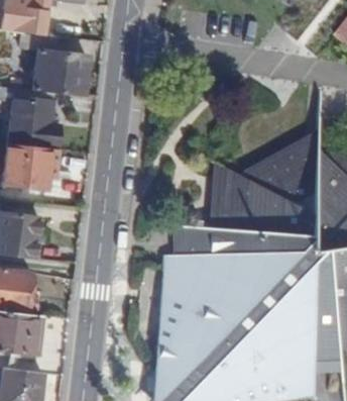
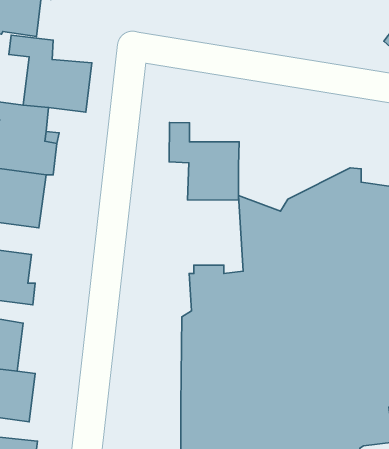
building: none -> [169,123,239,200]

